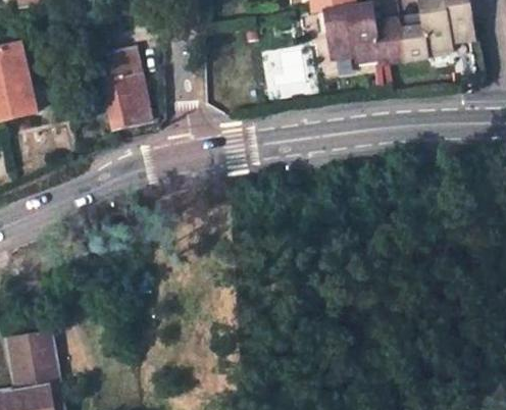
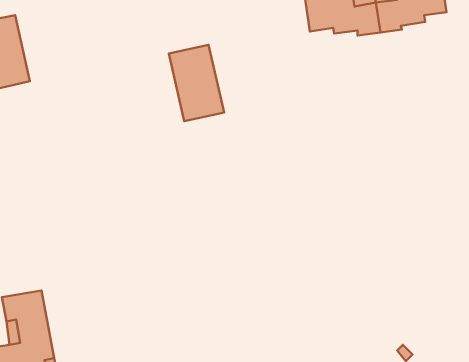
building: [96,48,154,129] -> [169,45,224,121]

